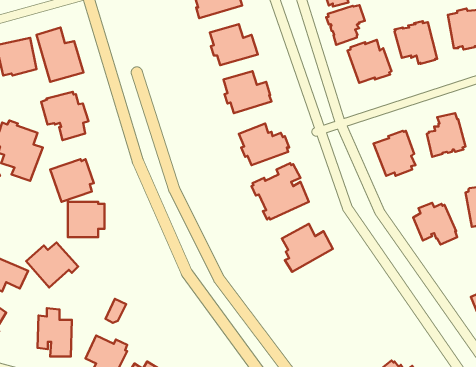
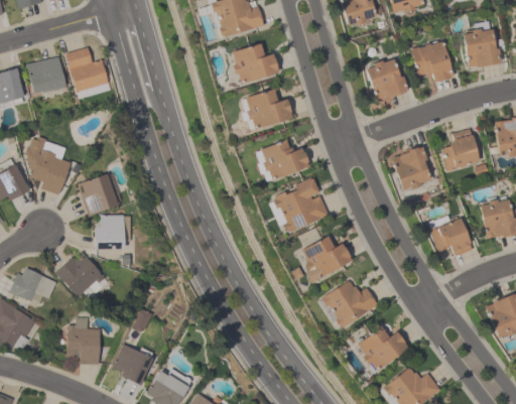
building: [326,5,365,45] -> none
building: [41,92,88,140] -> none
building: none -> [321,280,378,327]
building: none -> [358,325,408,370]

